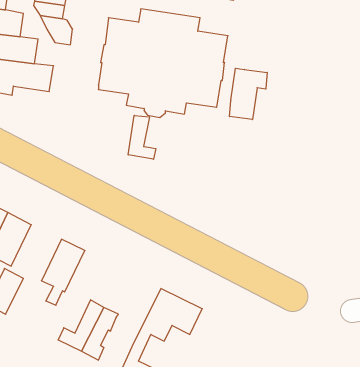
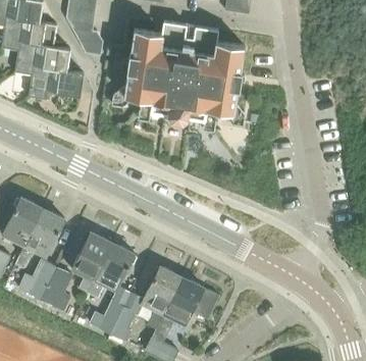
building: [230,68,267,120] -> none
building: [128,115,156,159] -> none
building: none -> [86,242,134,297]
building: none -> [144,266,181,329]
building: none -> [40,267,70,310]

